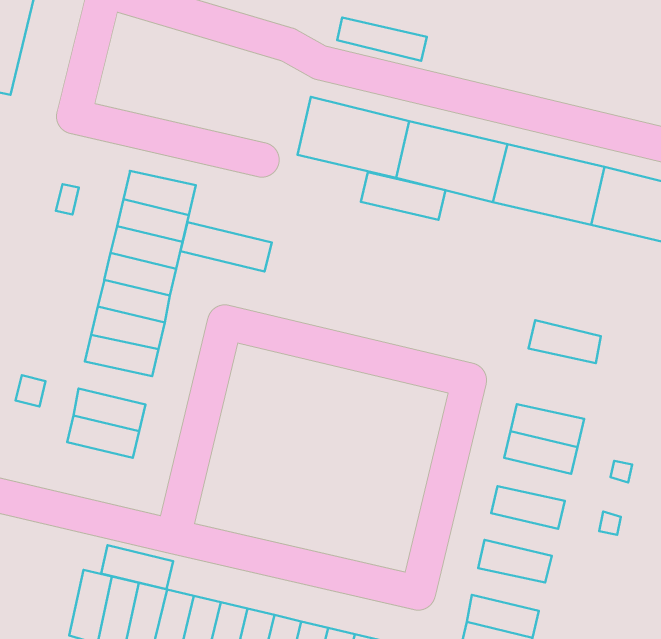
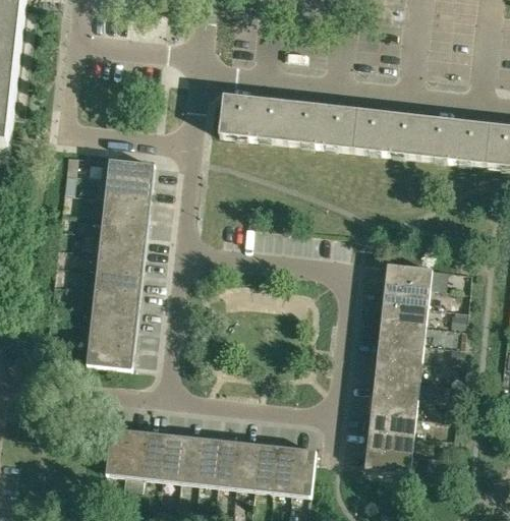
building: [337,18,427,61] -> none
building: [361,172,445,220] -> none
building: [180,222,272,271] -> none
building: [529,320,601,363] -> [384,262,431,285]
building: none -> [92,288,139,311]
building: none -> [378,317,426,341]
building: none -> [374,355,421,379]
building: [101,545,173,589] -> [87,343,133,367]
building: none -> [370,393,417,416]

